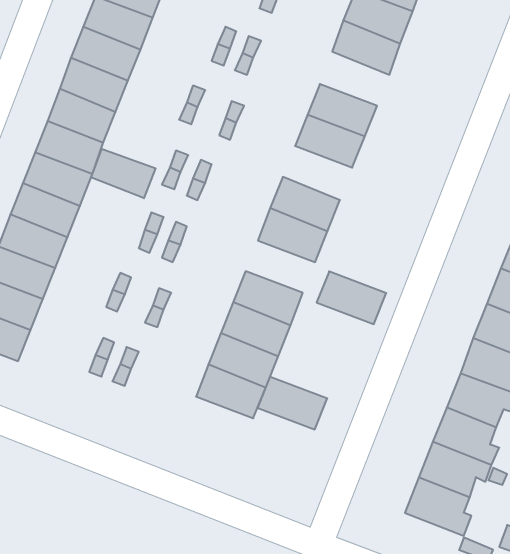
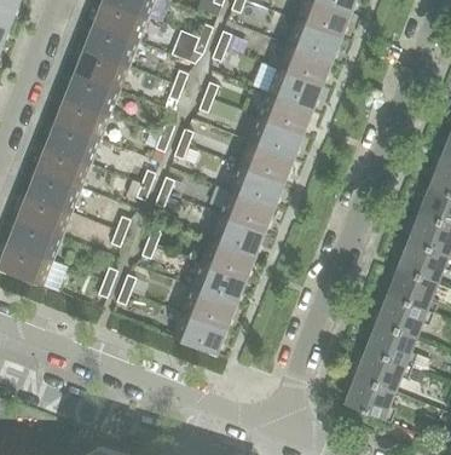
building: none -> [276,47,330,90]
building: none -> [247,121,301,163]
building: [91,149,156,198] -> none
building: [317,271,386,324] -> [218,195,272,236]
building: [258,377,327,429] -> [169,317,224,358]

